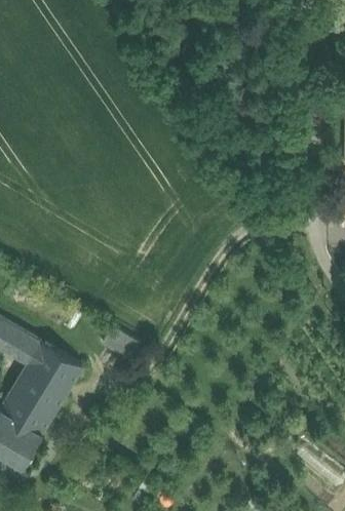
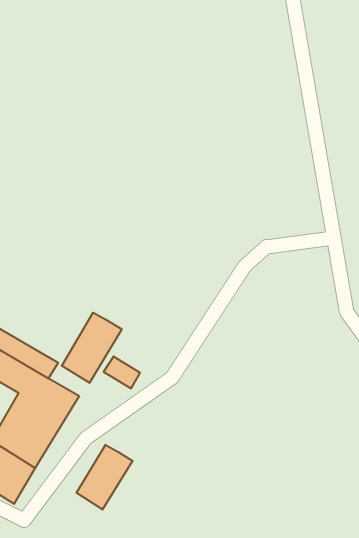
building: none -> [62,313,122,383]
building: none -> [77,445,133,510]

